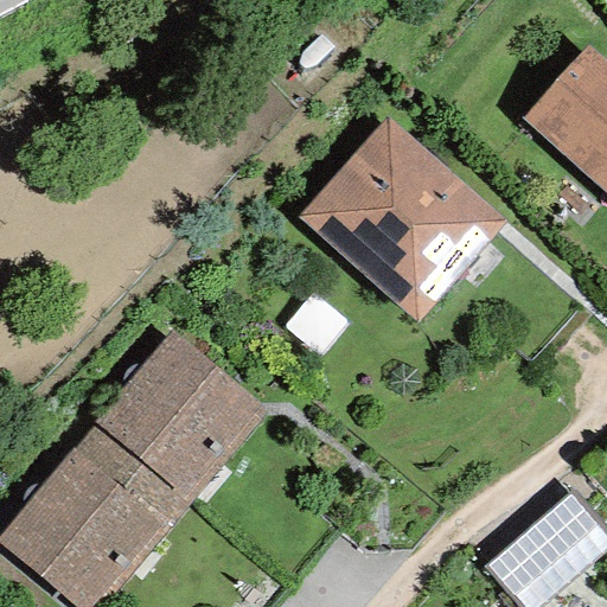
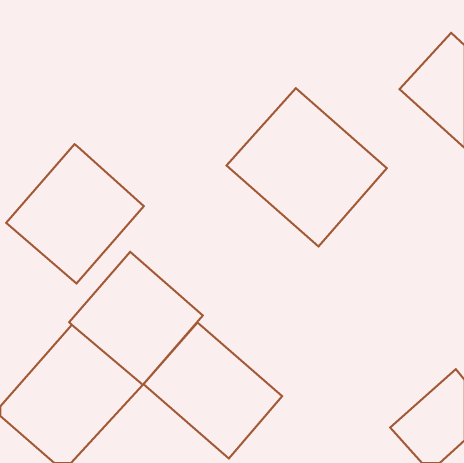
building: none -> [6,144,144,284]
building: none -> [143,323,282,459]

